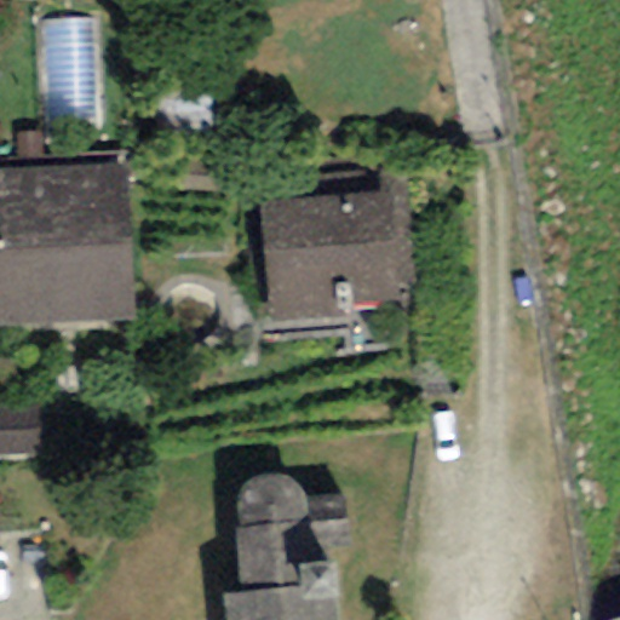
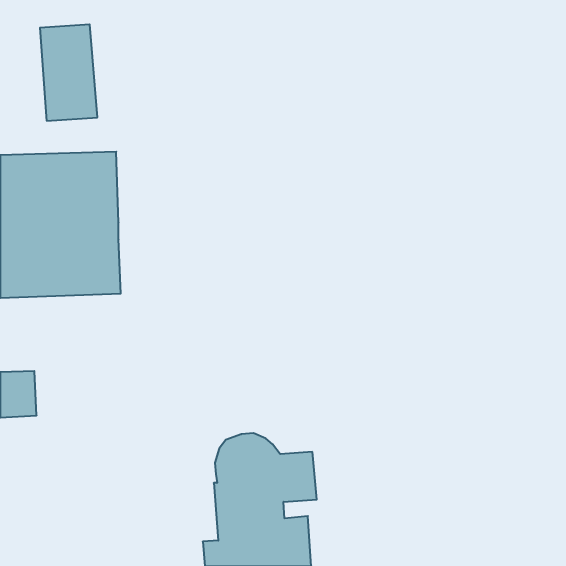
building: [256,168,415,326] -> none

